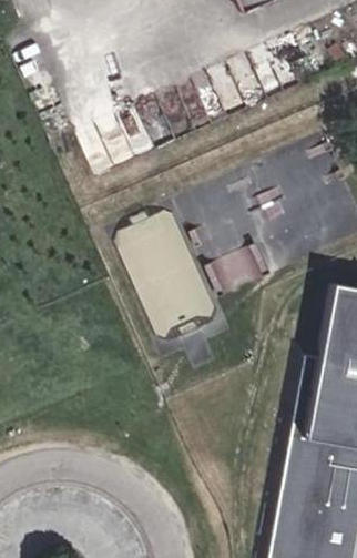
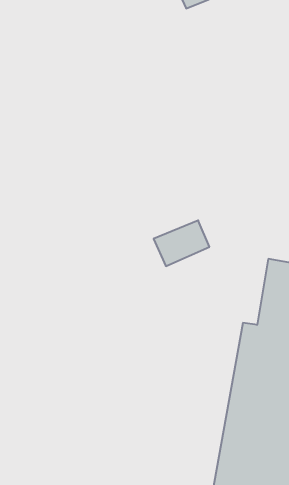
building: [116,209,215,334] -> none

